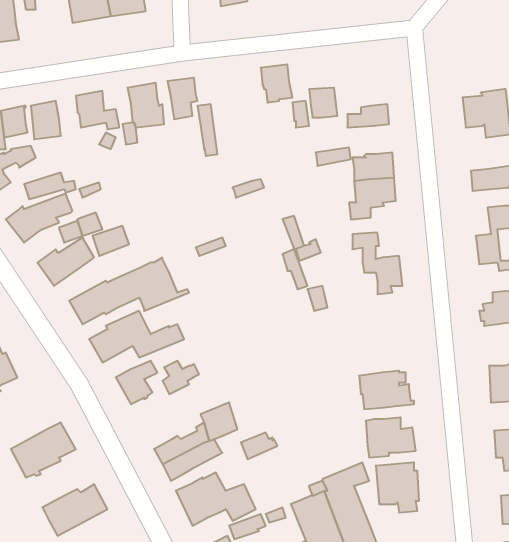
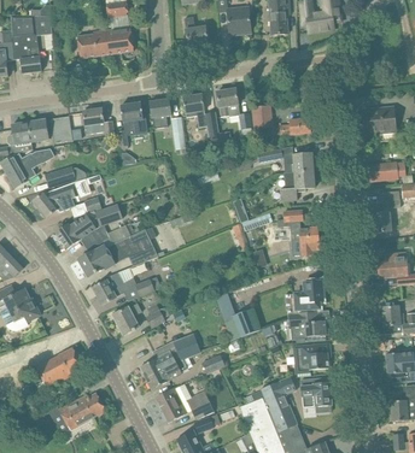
building: none -> [182,93,217,136]
building: none -> [294,281,322,308]
building: none -> [223,307,258,340]

